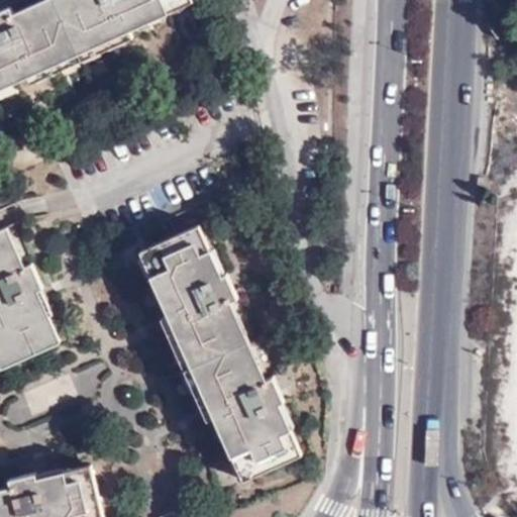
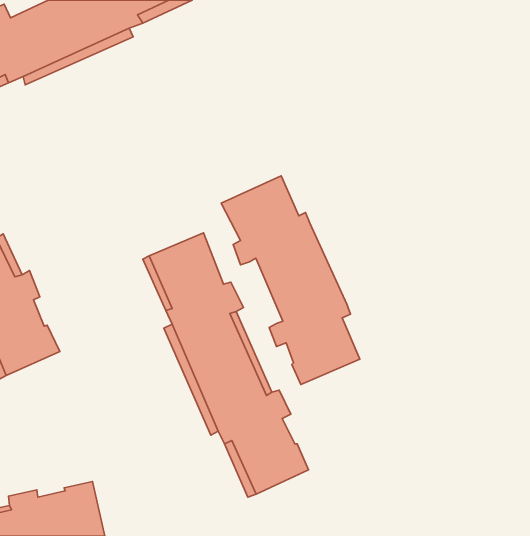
building: none -> [221,176,360,384]

